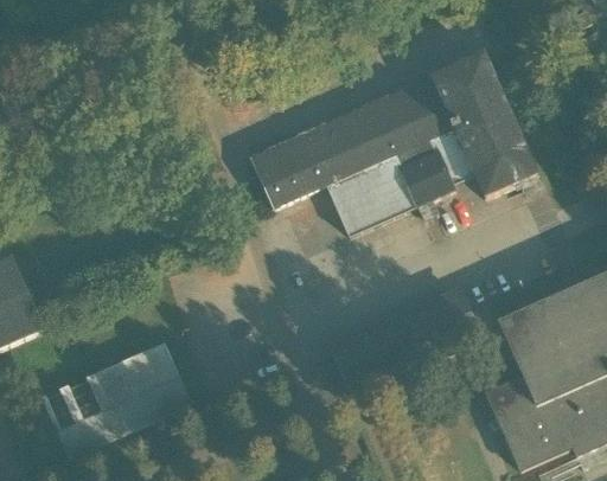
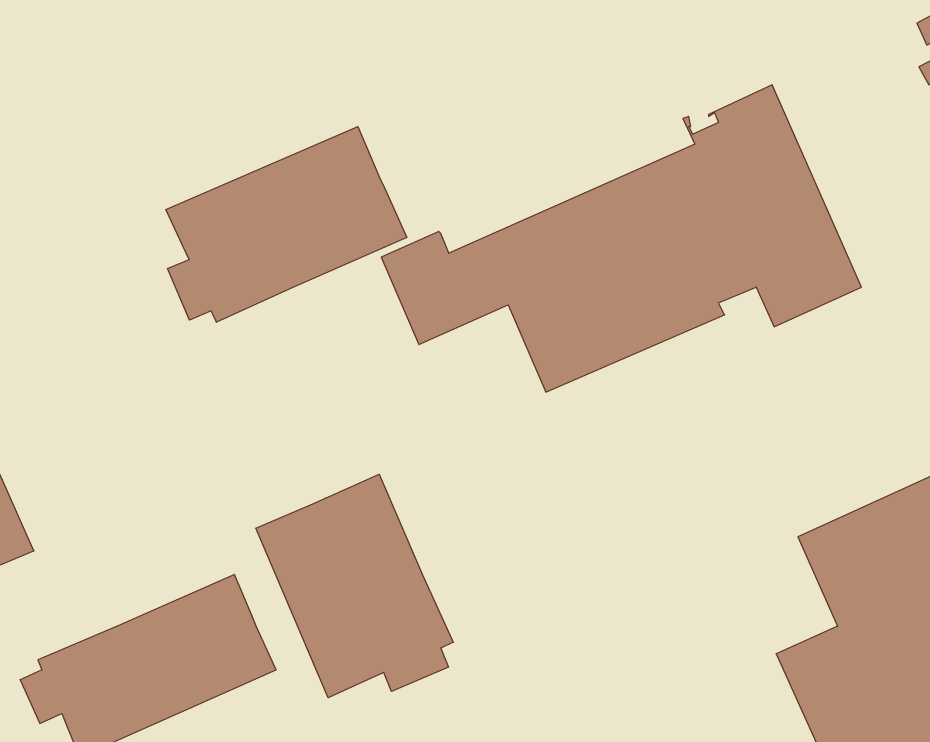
building: none -> [166,127,407,322]
building: none -> [256,474,453,698]

